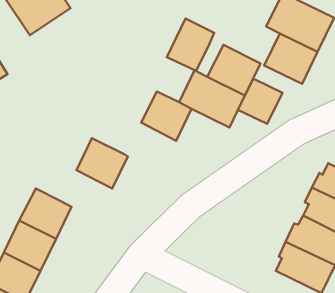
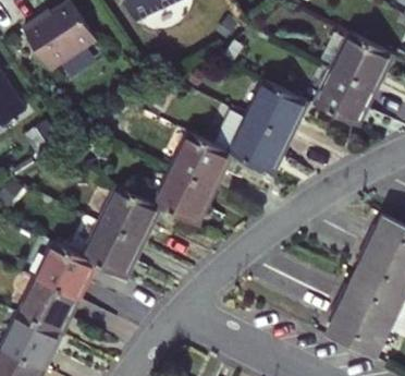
building: [167,18,214,71] -> none
building: [238,79,282,124] -> none
building: none -> [155,169,212,226]
building: none -> [83,222,140,278]

